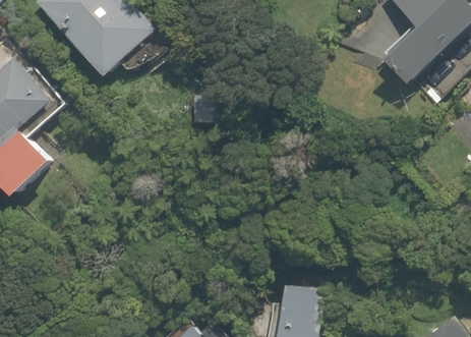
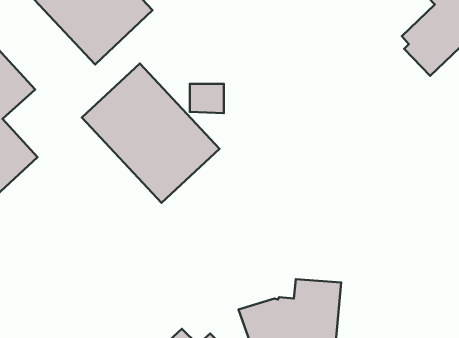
building: none -> [82,64,220,203]

